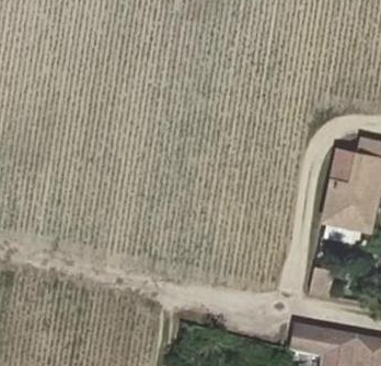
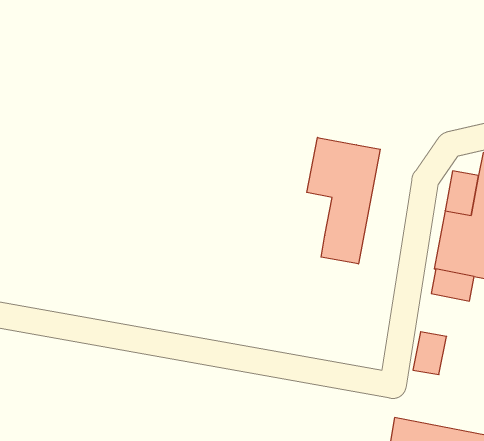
building: none -> [307,137,380,264]

